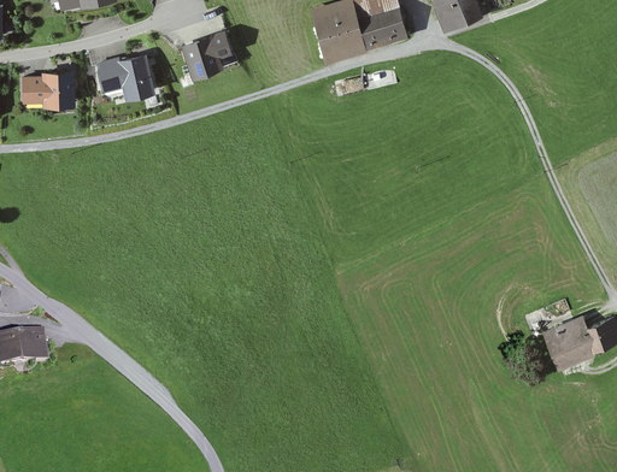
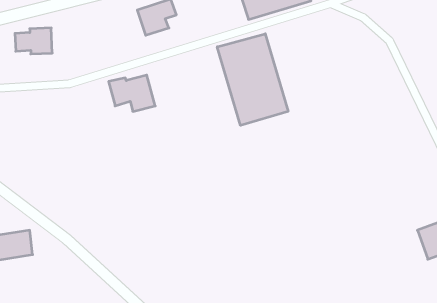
building: [95,55,155,102] -> [109,75,155,111]
building: none -> [217,34,288,125]

